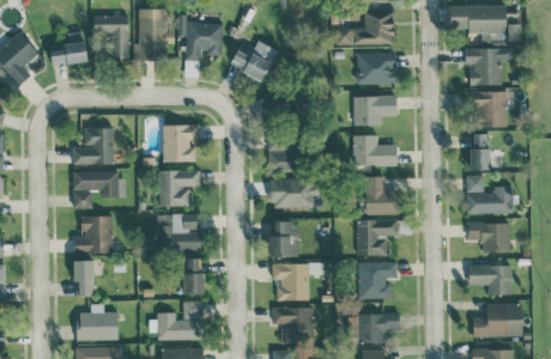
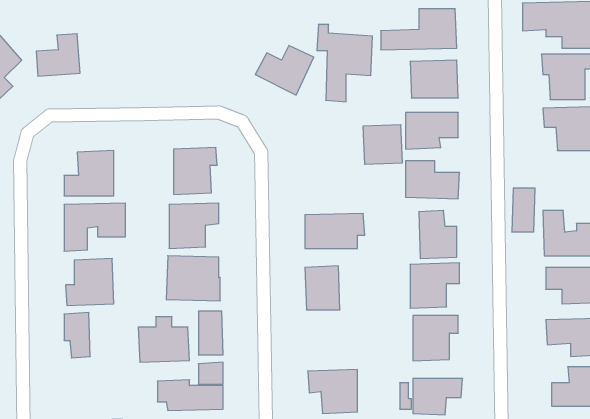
building: [134,8,169,60] -> none
building: [177,14,223,78] -> [317,24,372,102]
building: [93,16,129,60] -> none
building: [471,134,490,170] -> [512,188,535,232]
building: [268,139,301,171] -> [363,125,402,164]
building: [272,263,321,300] -> none
building: [77,304,119,341] -> [138,317,189,362]

